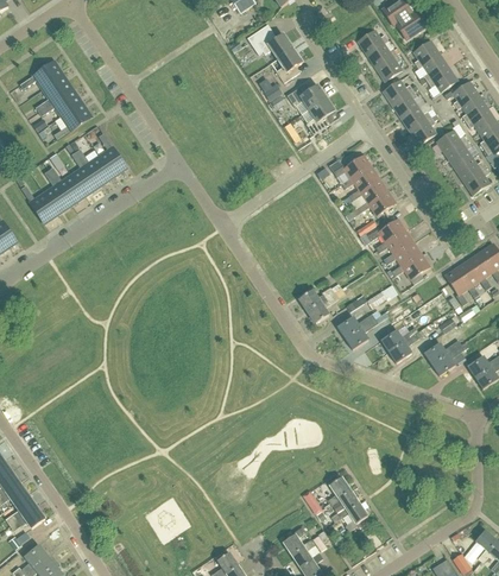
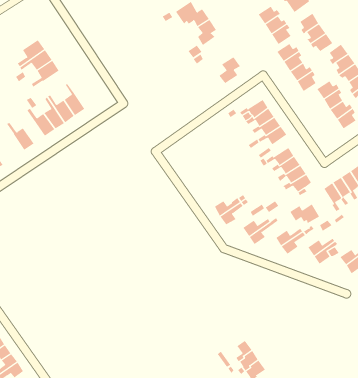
building: [19,61,63,89] -> none
building: [286,83,324,108] -> none
building: [43,170,71,214] -> none
building: none -> [289,203,320,224]

